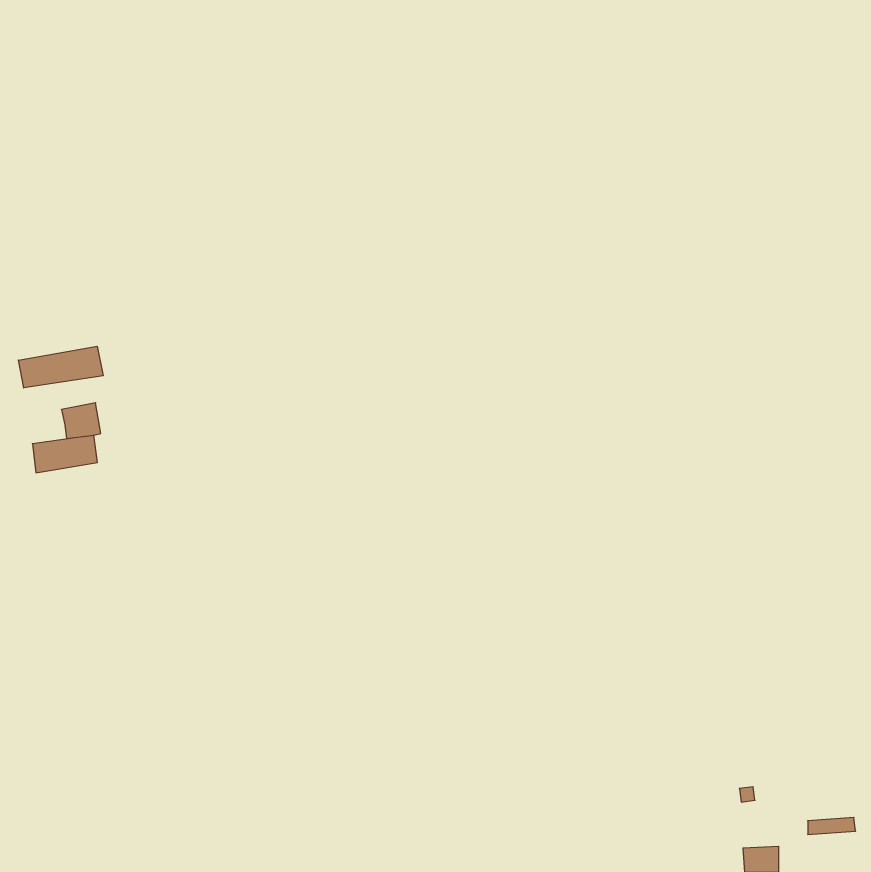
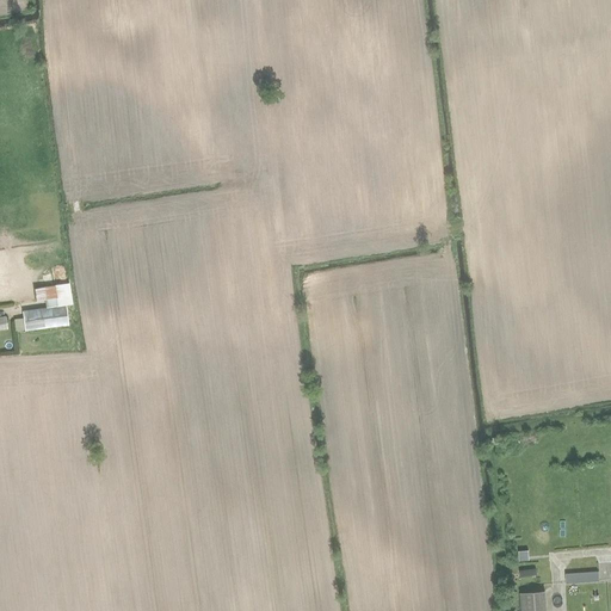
building: [18,346,103,388] -> none

